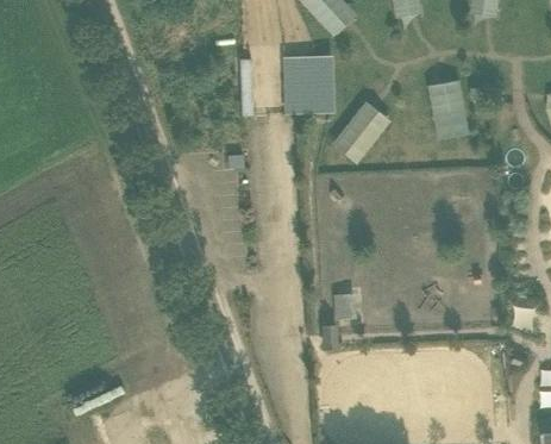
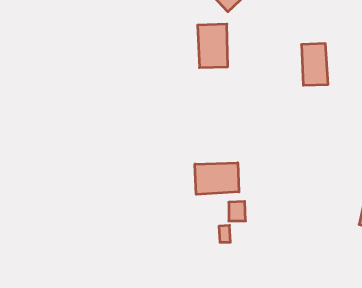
building: [328,100,390,164] -> none
building: none -> [195,163,239,194]

